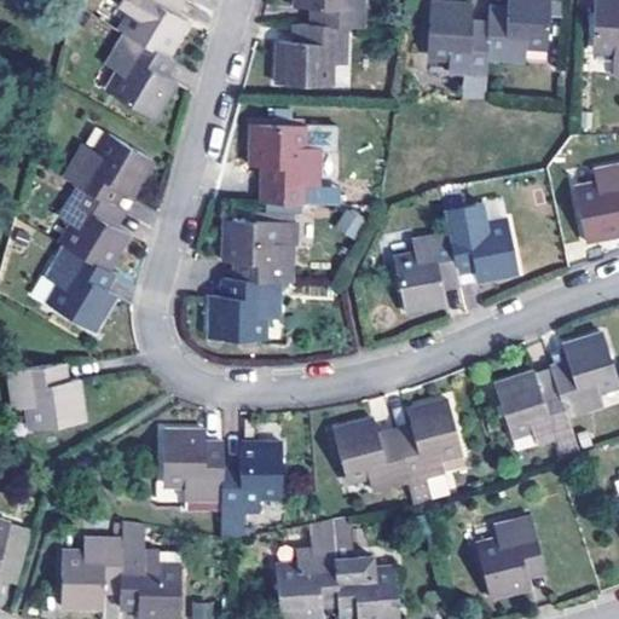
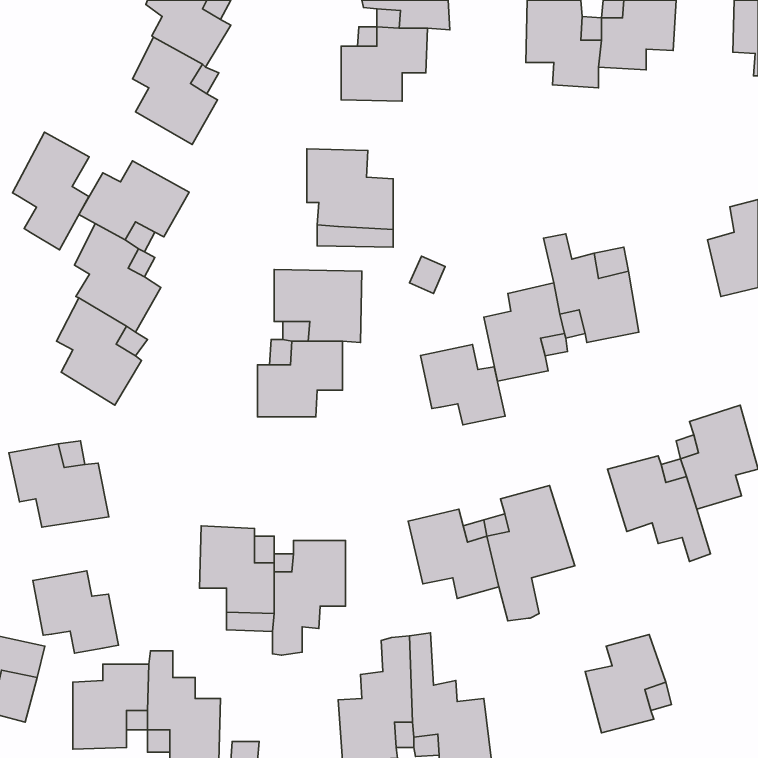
building: none -> [12,132,89,250]
building: none -> [420,345,505,425]
building: none -> [33,571,119,653]

